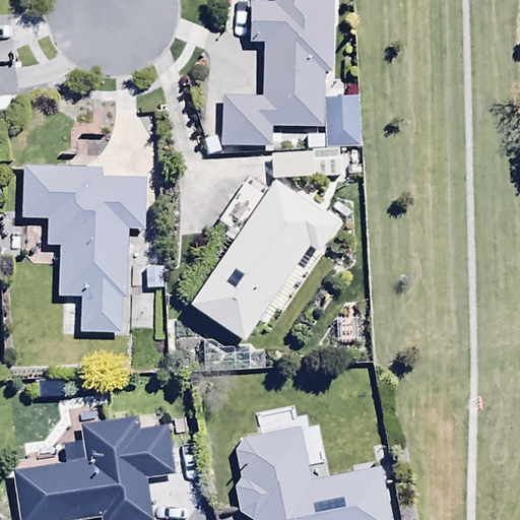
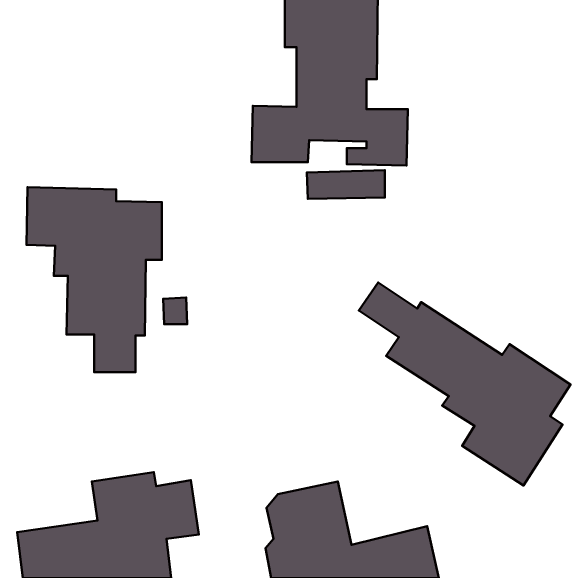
building: [193,180,341,342] -> none
building: none -> [359,283,570,486]

